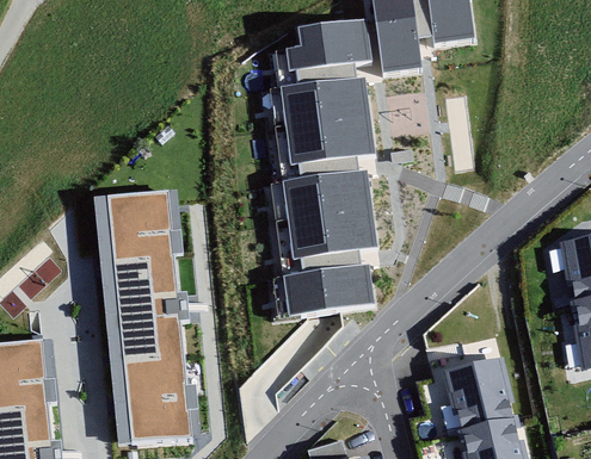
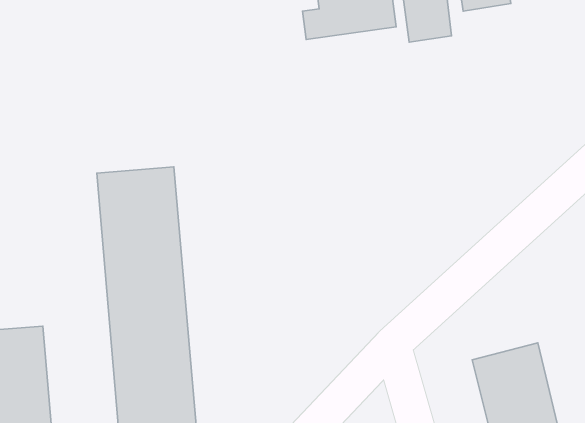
building: [270,74,375,165] -> none
building: [270,168,377,259] -> none
building: [275,262,373,316] -> none

